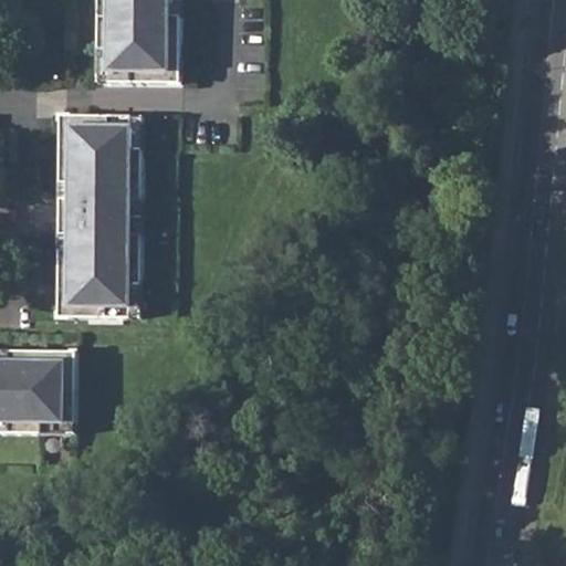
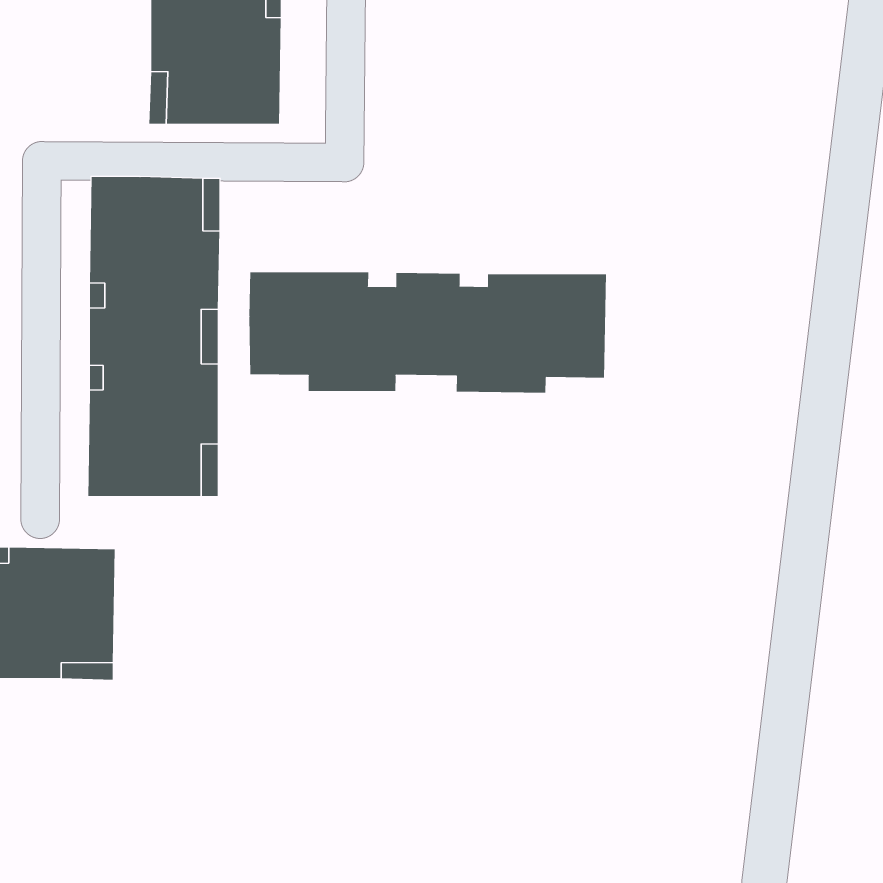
building: none -> [249,272,607,394]

